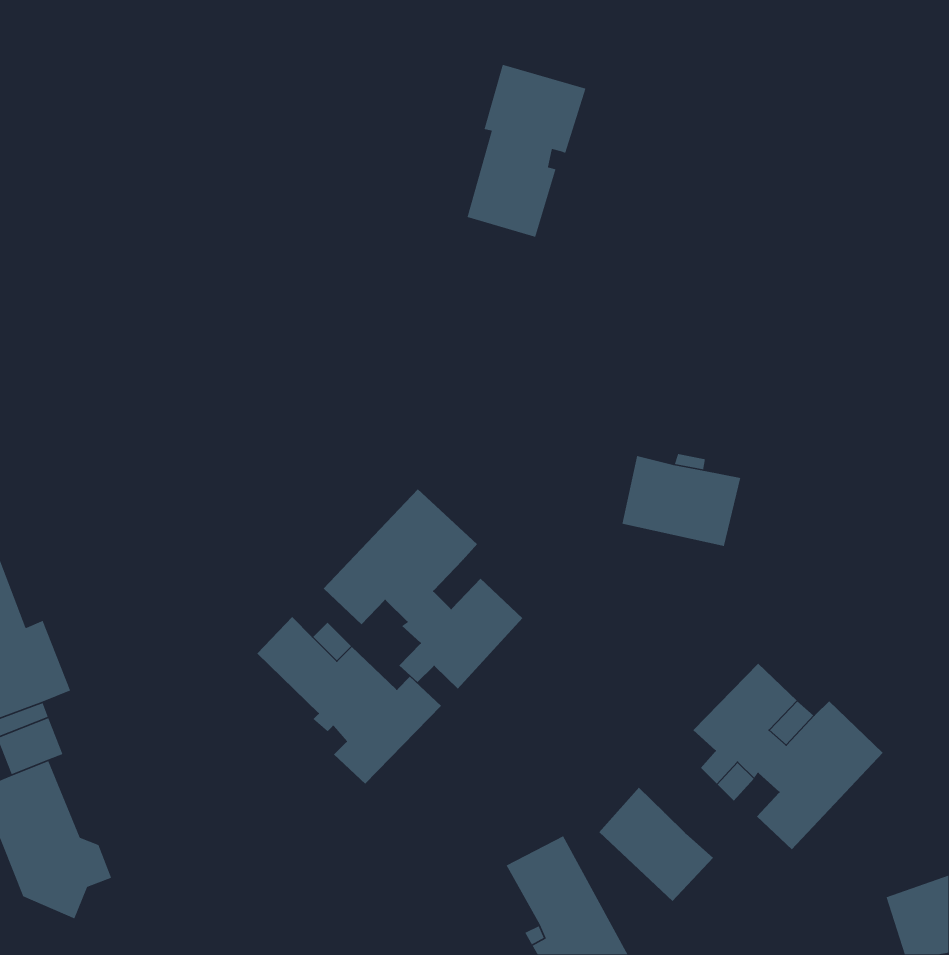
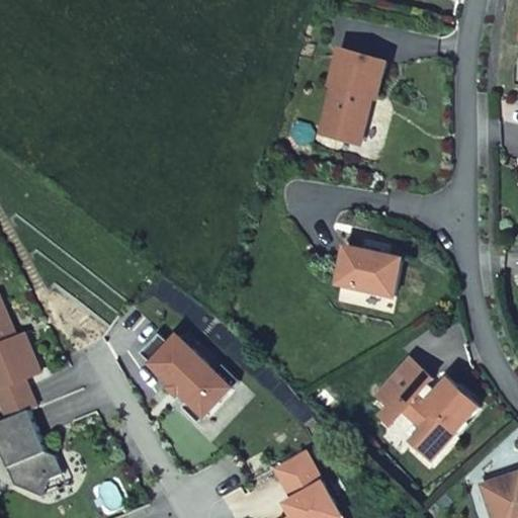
building: [467,64,586,238] -> [320,49,384,143]
building: [323,489,523,690] -> none
building: [599,787,714,902] -> none

